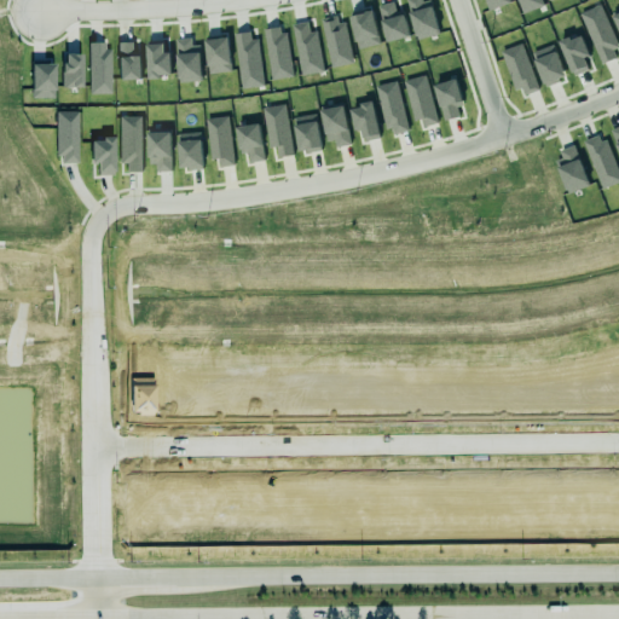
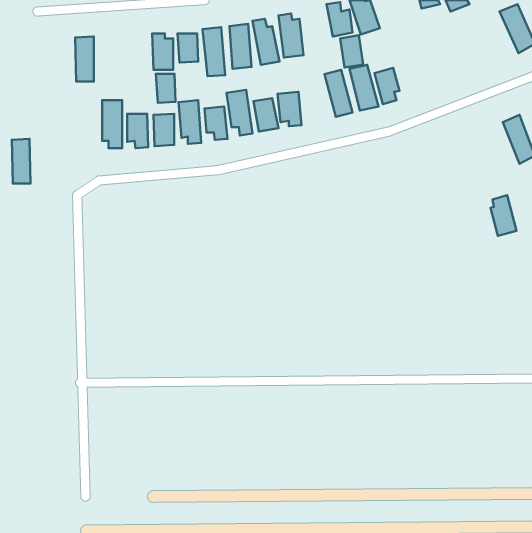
building: [353,11,380,48] -> [340,35,363,68]
building: [562,34,590,76] -> none
building: [117,42,143,80] -> none
building: [147,44,170,77] -> [156,74,175,103]
building: [503,44,539,97] -> none
building: [533,44,567,86] -> none
building: [63,53,82,87] -> none
building: [31,64,54,98] -> none
building: [351,103,381,141] -> none
building: [57,111,79,163] -> [12,139,30,184]
building: [91,138,115,175] -> none
building: [559,145,589,192] -> [491,195,517,236]

